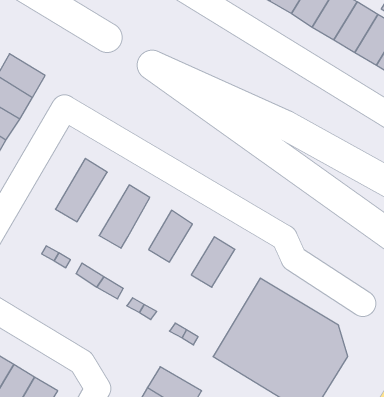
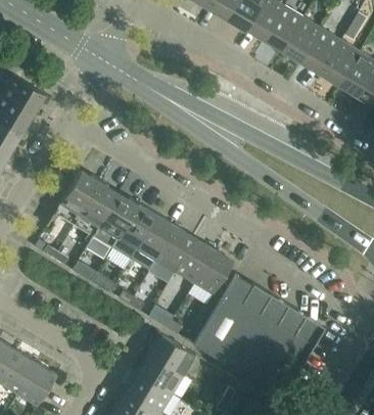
building: none -> [74,180,120,236]
building: none -> [112,202,157,259]
building: none -> [155,226,195,271]
building: none -> [193,248,233,294]
building: none -> [147,333,195,374]

